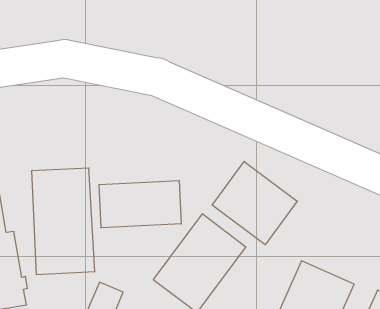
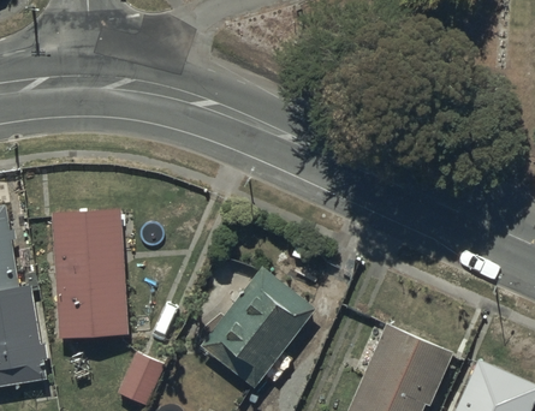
building: [212,161,297,245] -> none
building: [99,181,181,228] -> none

